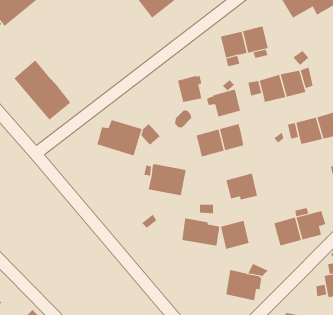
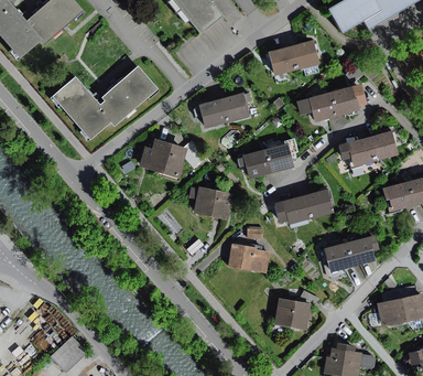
building: none -> [99,65,158,125]
building: [206,89,241,117] -> [193,98,229,128]
building: [220,220,250,249] -> [303,189,334,219]

